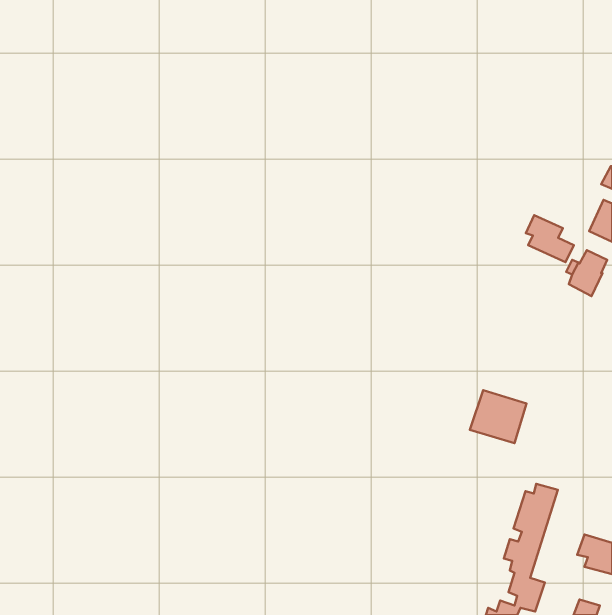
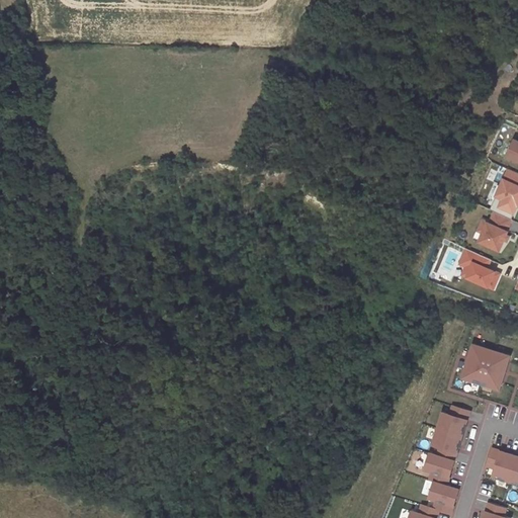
building: [526,215,574,262] -> [458,247,499,286]
building: [470,390,526,443] -> [461,345,509,390]

